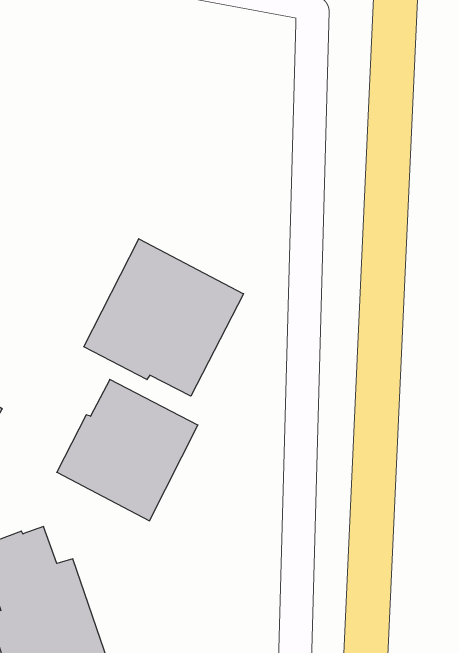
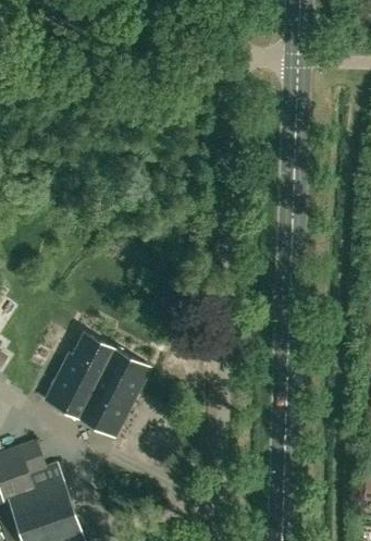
building: [84,239,244,396] -> none

